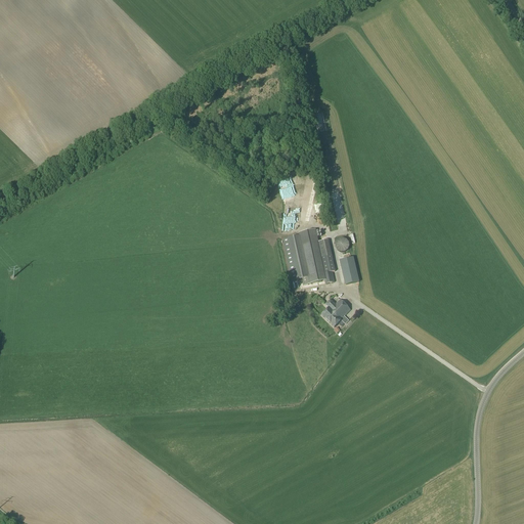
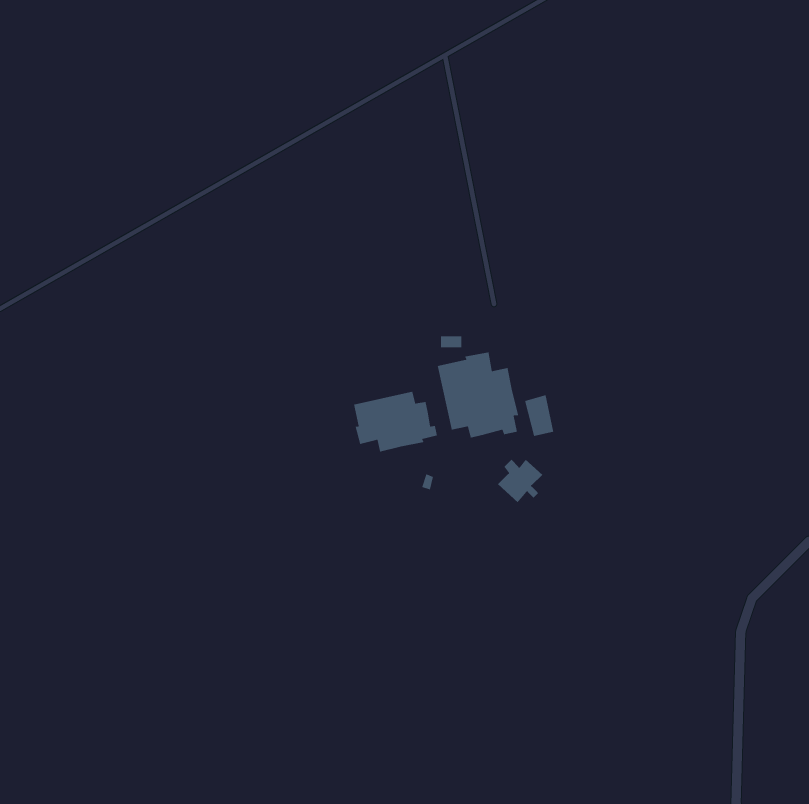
building: none -> [353,391,438,452]

